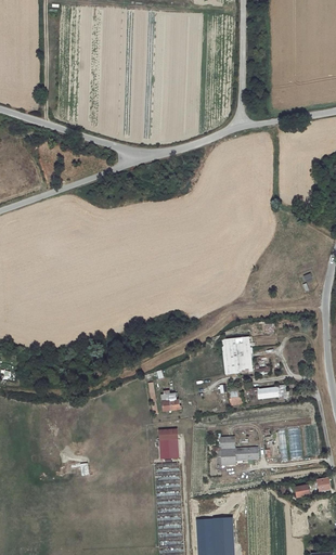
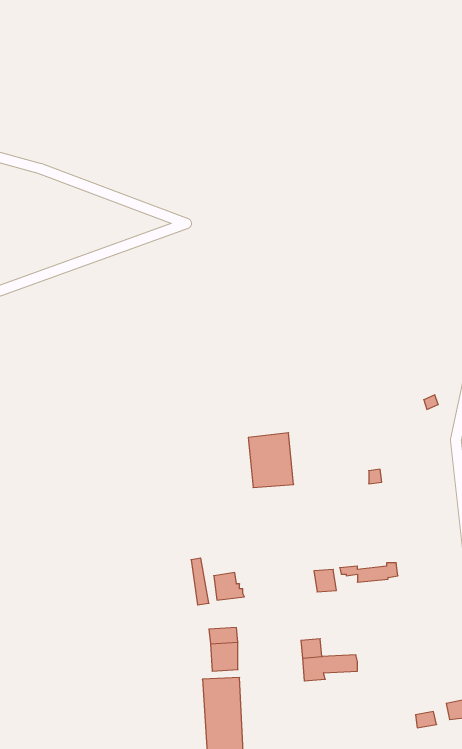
building: [221,337,251,374] -> [248,433,294,488]

